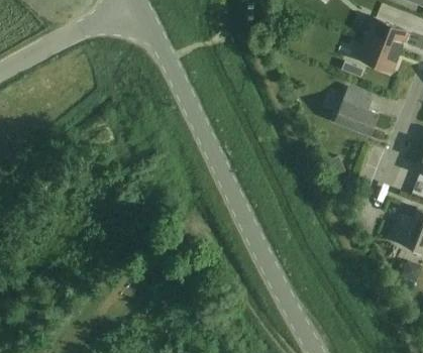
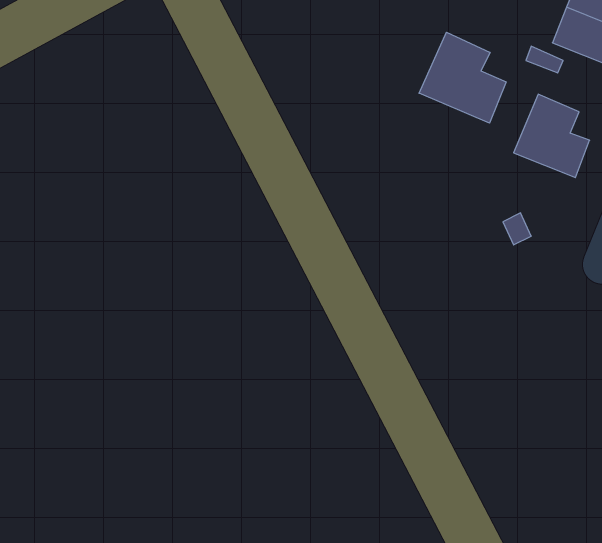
building: none -> [419,32,506,123]

